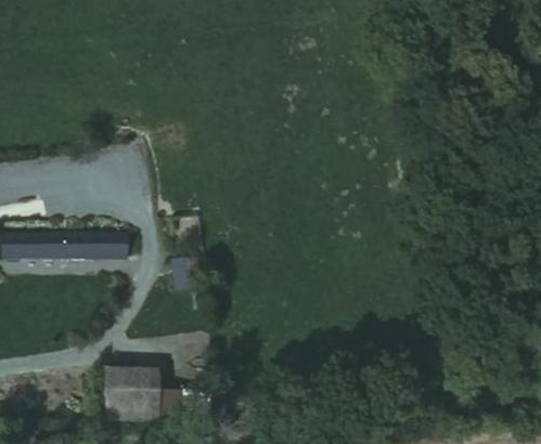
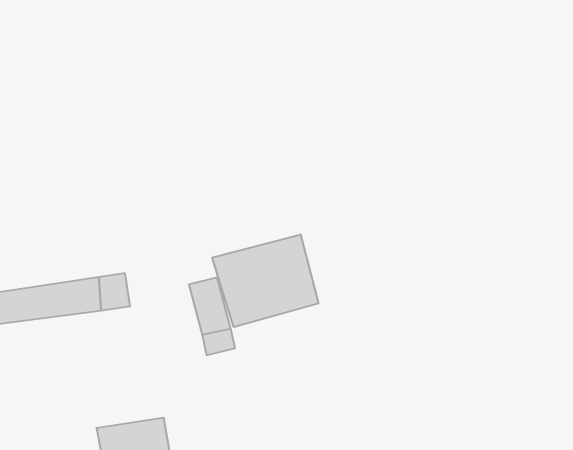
building: none -> [212,234,318,327]

